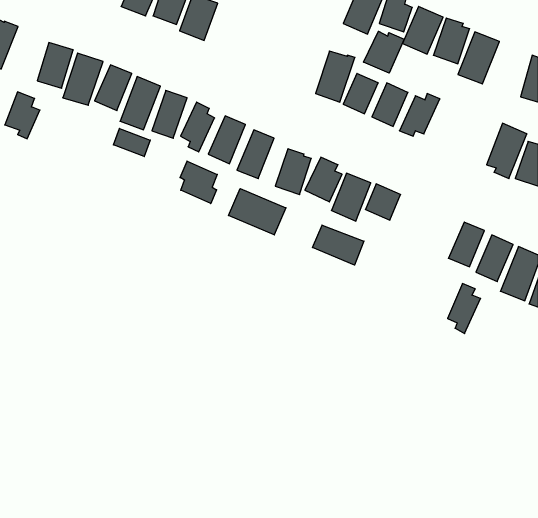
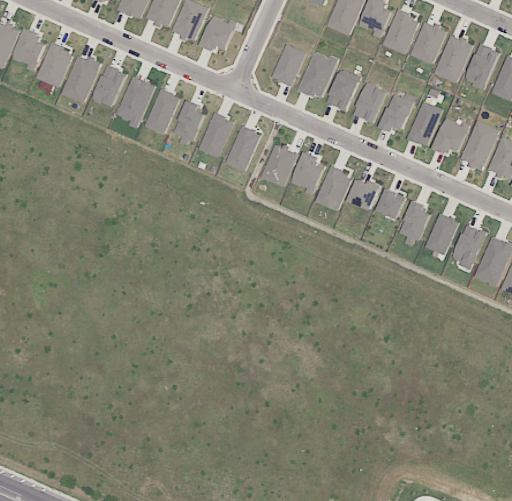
building: none -> [200,14,238,51]
building: [364,31,404,73] -> none
building: none -> [464,42,499,88]
building: none -> [272,43,306,85]
building: [5,92,40,139] -> [13,27,46,71]
building: none -> [407,100,442,146]
building: none -> [433,117,470,154]
building: [113,128,150,157] -> none
building: [180,161,217,204] -> none
building: [229,189,286,235] -> none
building: none -> [376,189,405,218]
building: [313,225,364,265] -> none
building: [448,284,481,334] -> [399,199,430,246]

